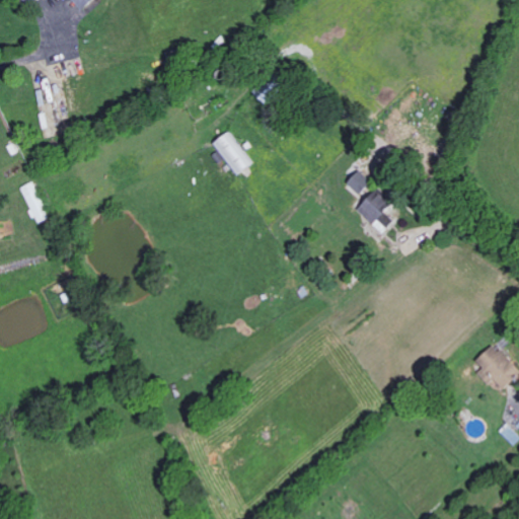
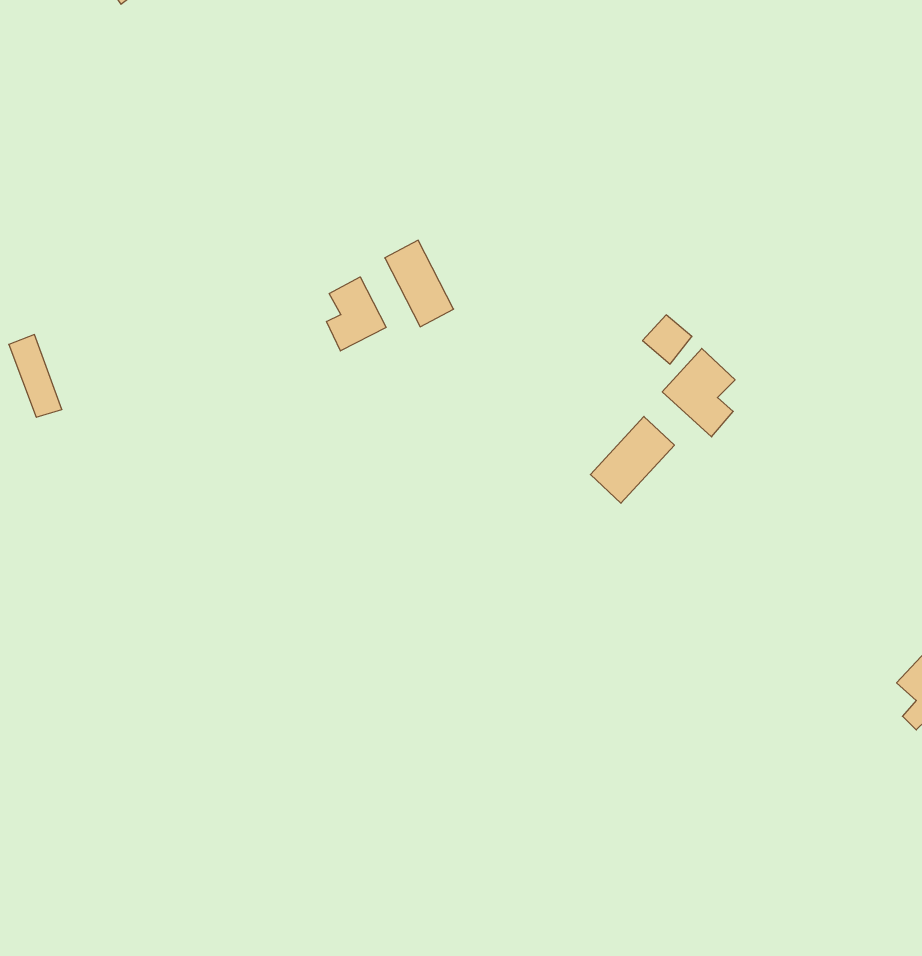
building: none -> [327,277,386,351]
building: none -> [590,416,674,503]

